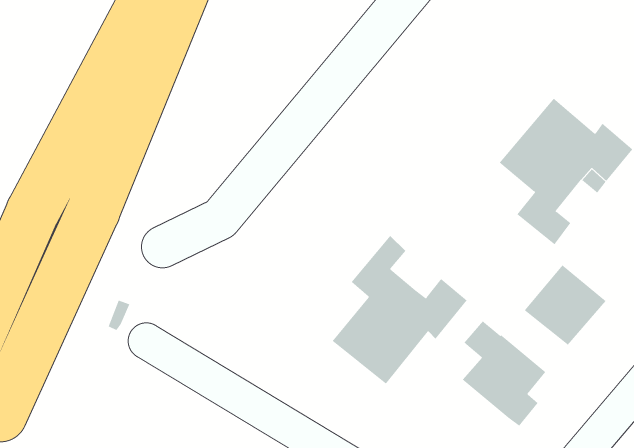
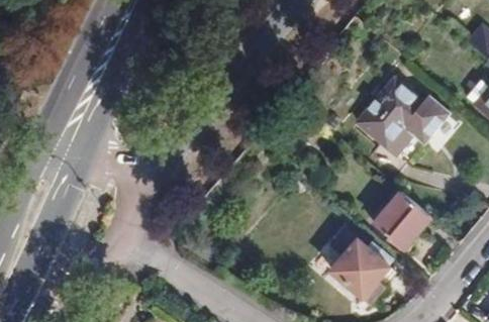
building: [332,235,467,384] -> none

